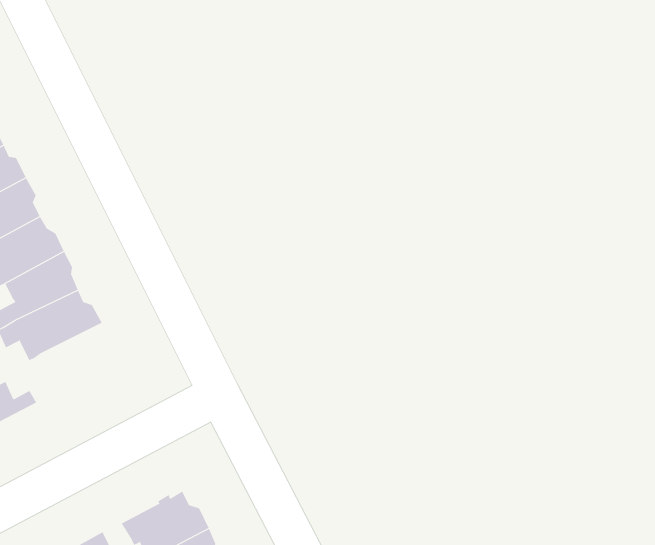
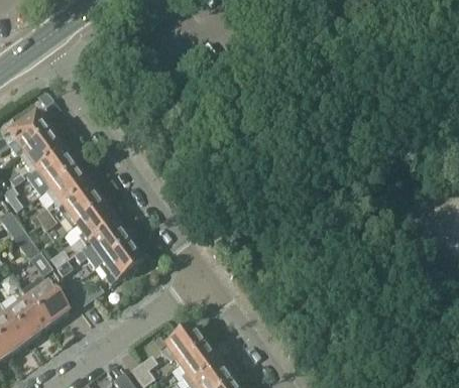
building: none -> [99,239,144,284]

